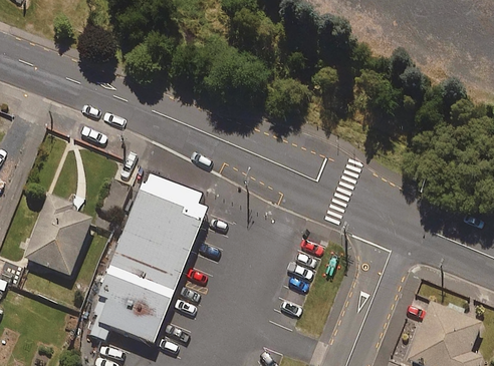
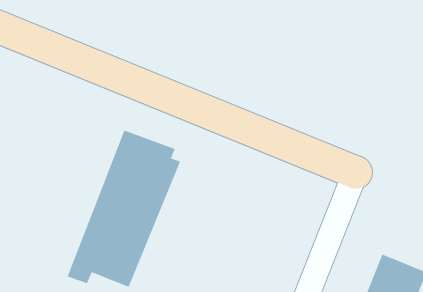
building: [22,195,91,276] -> none

